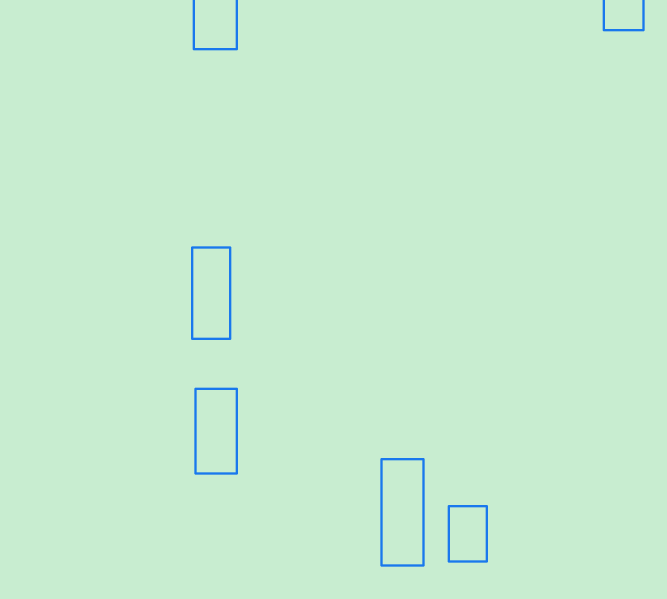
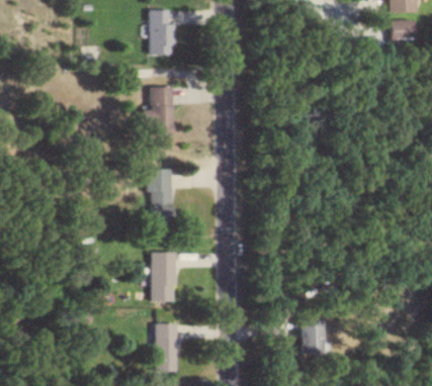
building: none -> [150,87,174,135]
building: [382,459,424,565] -> none
building: none -> [156,324,177,370]

